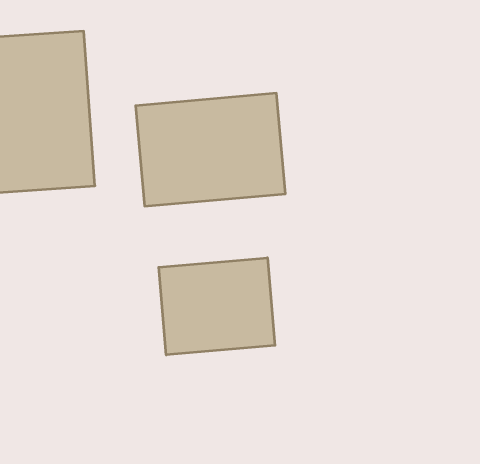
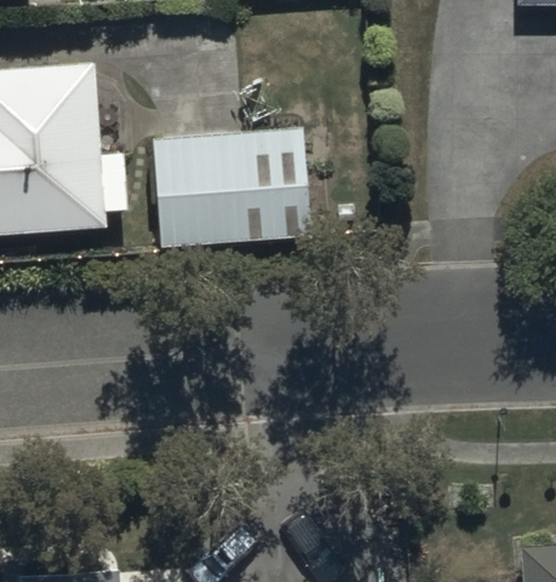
building: [159,258,275,355] -> none

